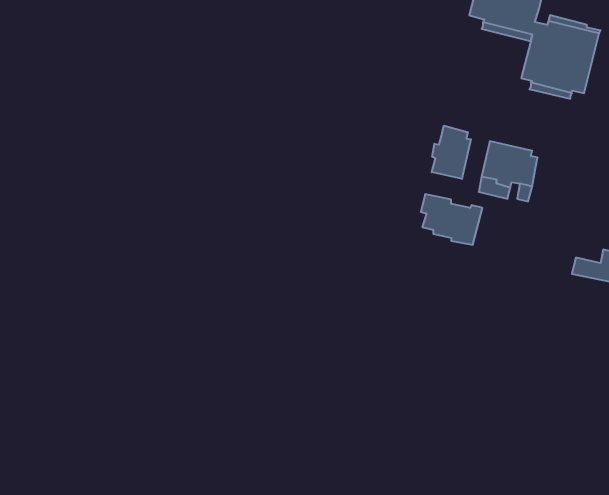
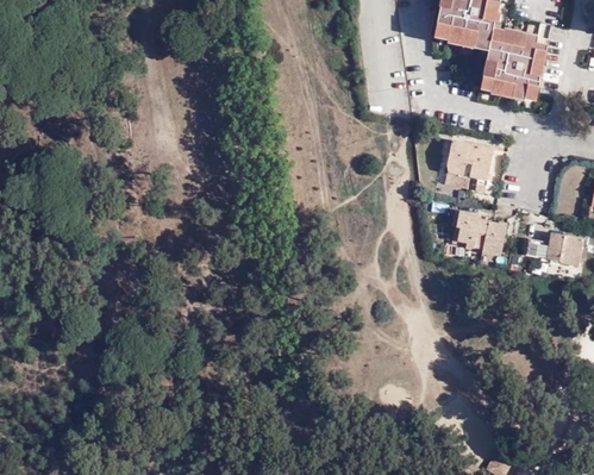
building: [432,126,471,179] -> none
building: [421,194,482,245] -> [455,211,508,255]

